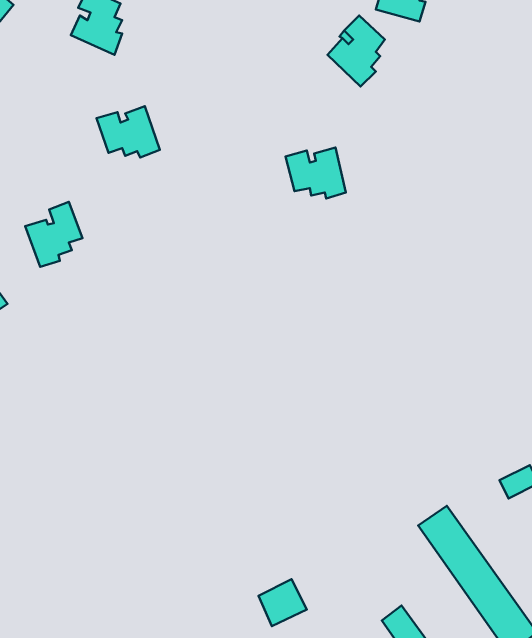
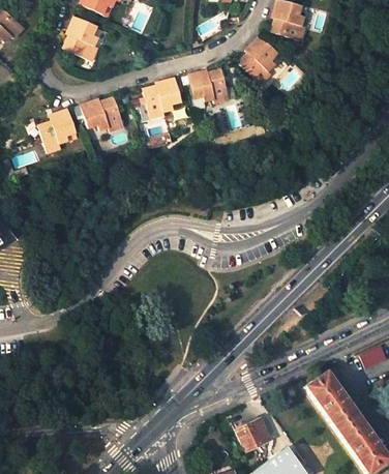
building: none -> [145,77,183,119]
building: [286,147,346,199] -> [189,67,231,102]
building: [25,202,83,267] -> [39,109,79,153]
building: [258,579,307,626] -> [234,417,267,449]

